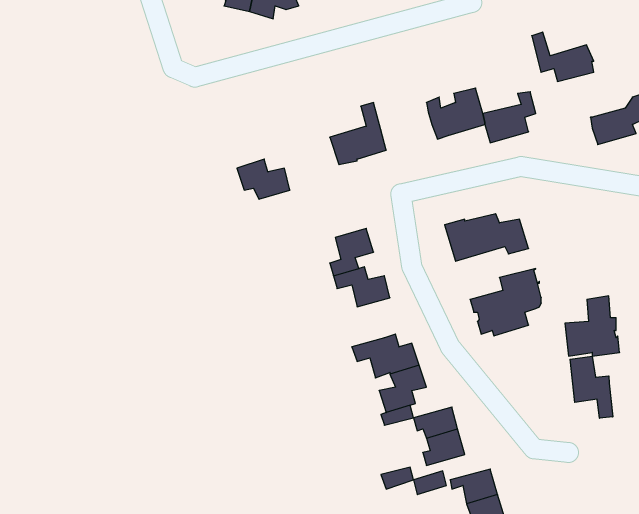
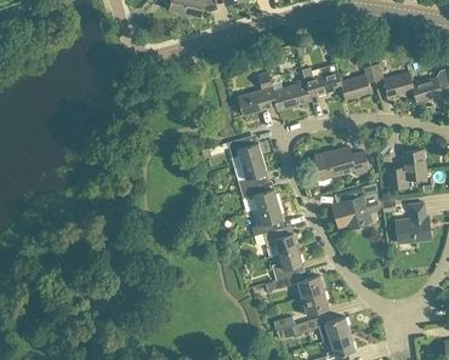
building: [532,32,594,81] -> [371,64,413,97]
building: none -> [272,80,309,110]
building: [237,159,290,199] -> [227,137,262,164]
building: none -> [386,150,426,189]
building: none -> [251,204,283,236]
building: [570,356,613,418] -> none

